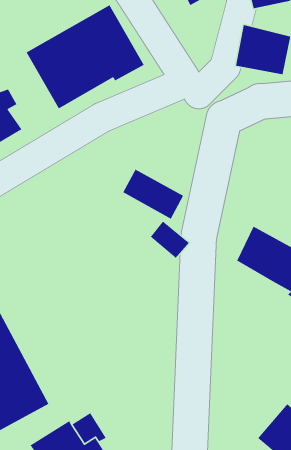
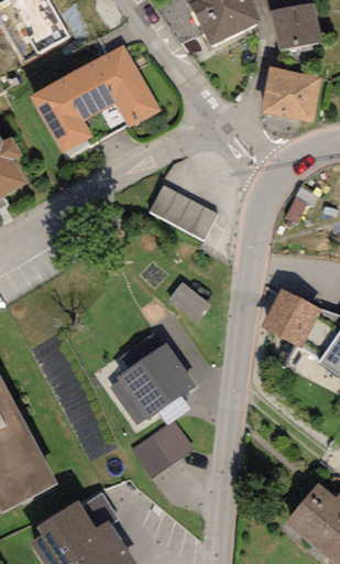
building: [122,169,184,220] -> [149,184,217,240]
building: none -> [111,343,196,425]
building: none -> [130,420,194,479]

